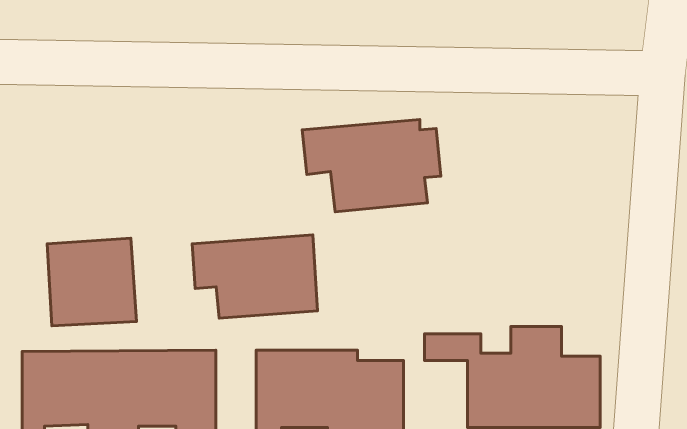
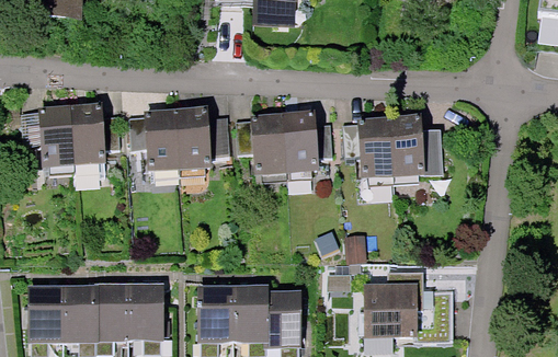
building: none -> [339,115,444,184]
building: [192,235,317,318] -> [125,112,217,173]
building: [47,238,137,326] -> [39,104,105,169]

